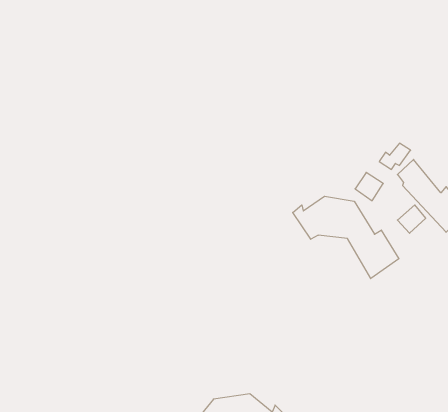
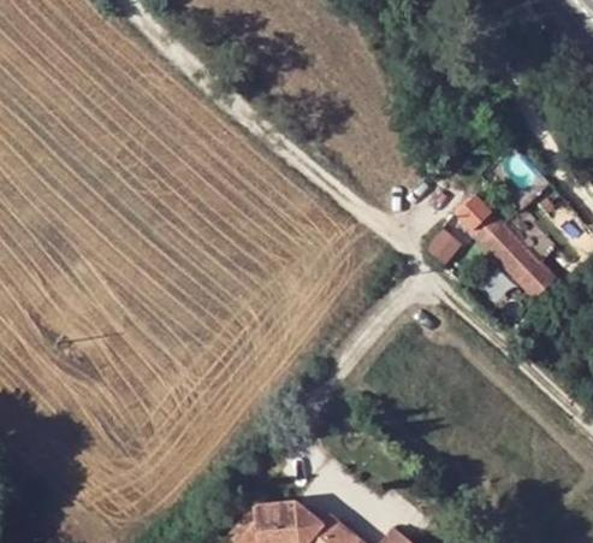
building: [293,196,399,279] -> none

